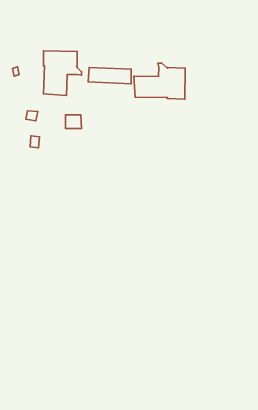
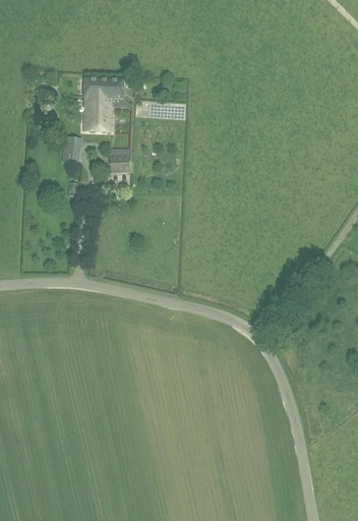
building: [134,63,185,99] -> none

